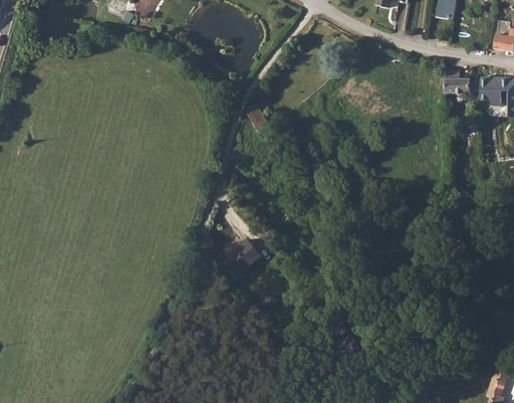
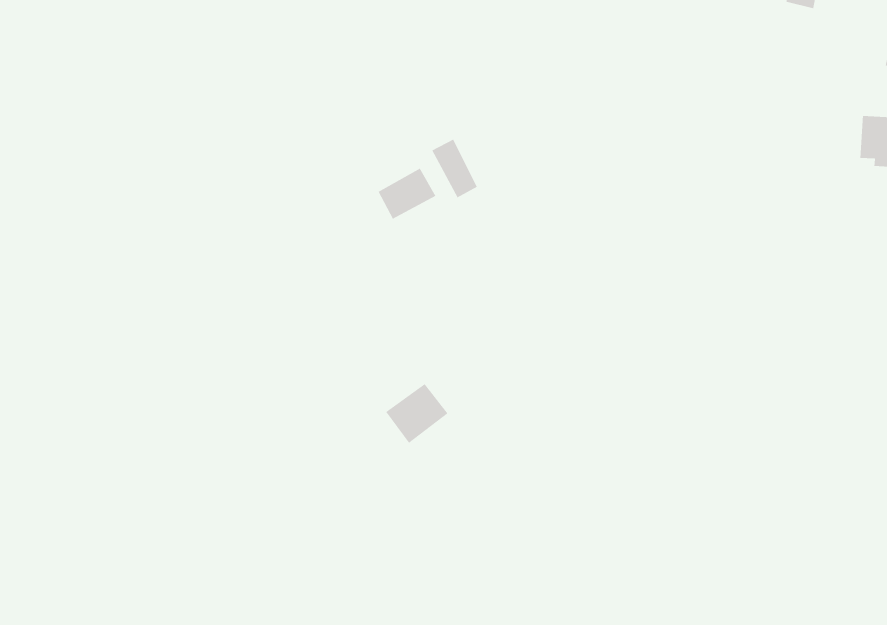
building: [444,70,472,93] -> none
building: none -> [378,167,437,220]

